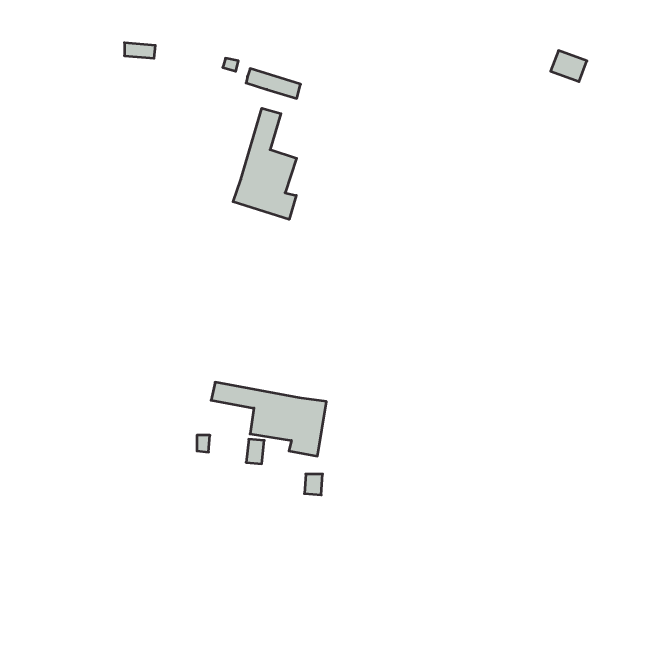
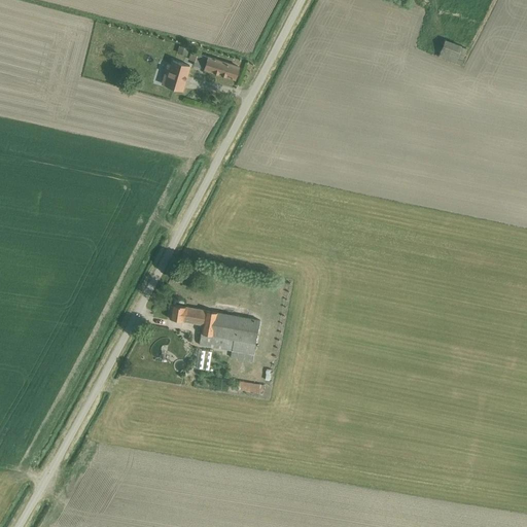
building: none -> [164,60,189,91]
building: [233,108,297,219] -> none

